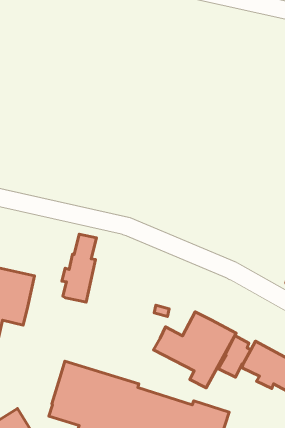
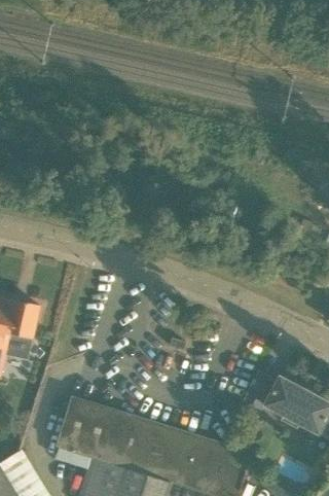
building: [62,234,96,302] -> none
building: [153,312,236,388] -> none

